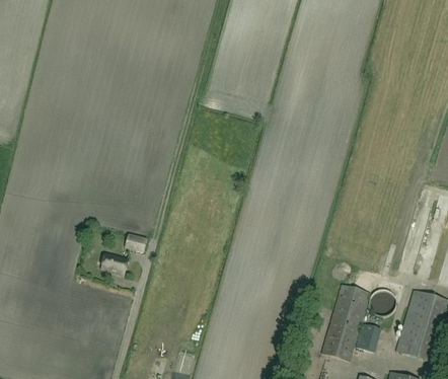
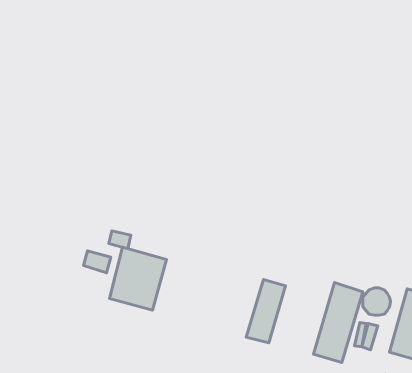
building: none -> [109,247,166,310]
building: none -> [246,279,285,343]

